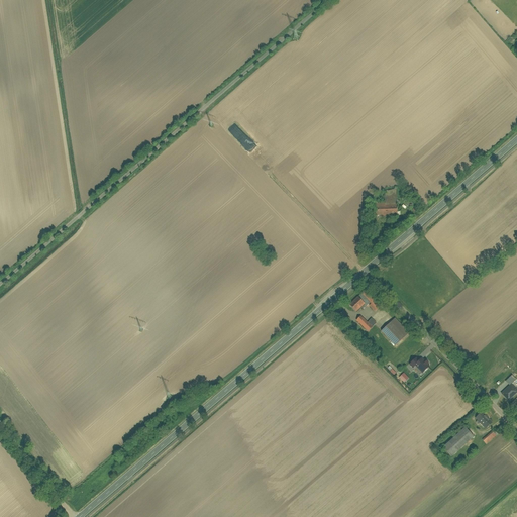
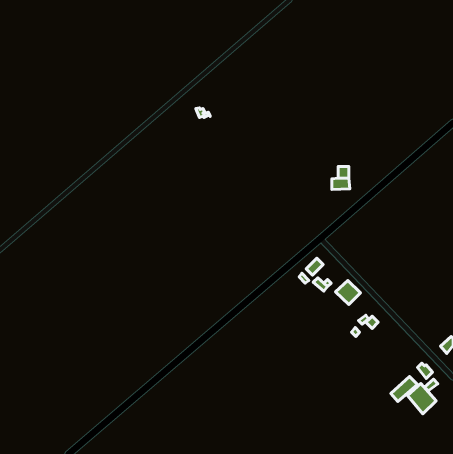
building: none -> [408,384,436,414]

